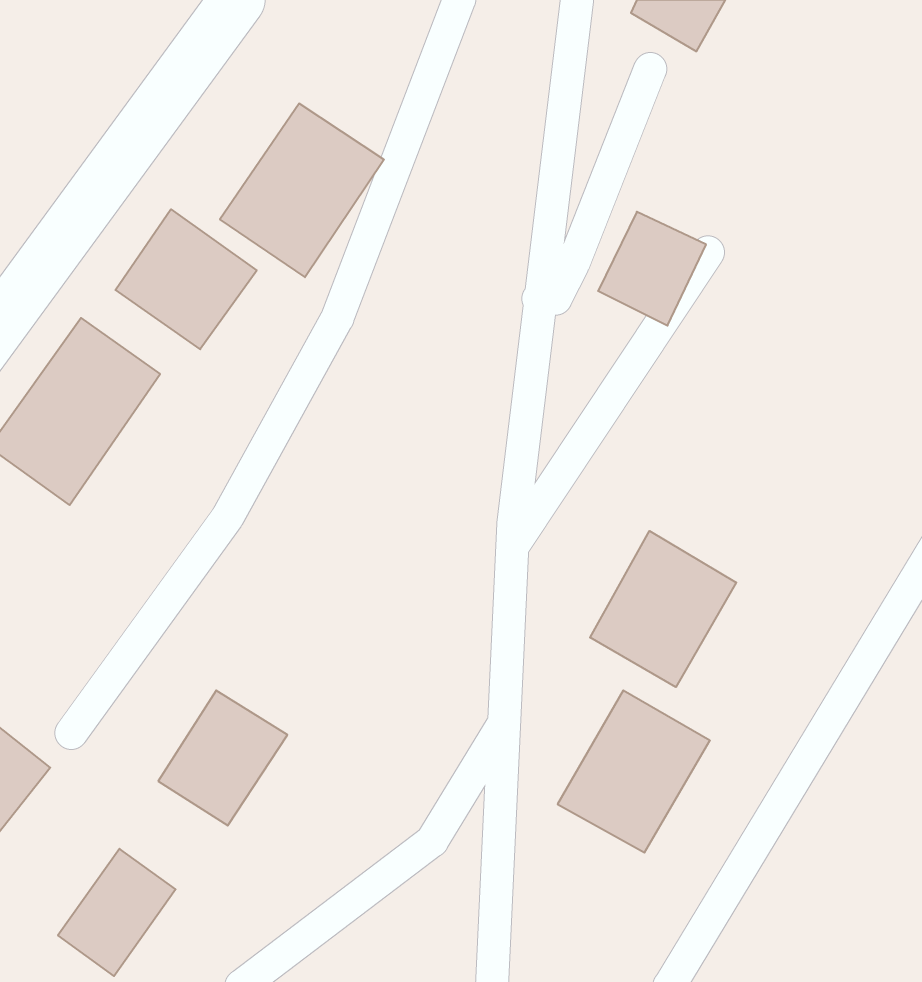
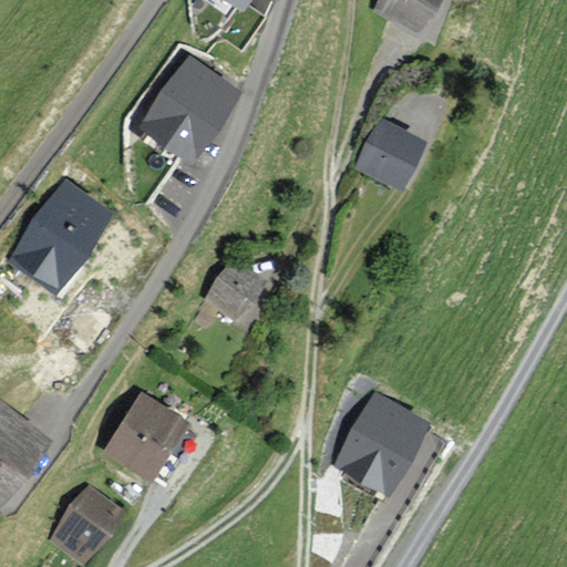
building: [115,209,257,349] -> none
building: none -> [206,265,256,317]
building: [590,531,736,687] -> none

